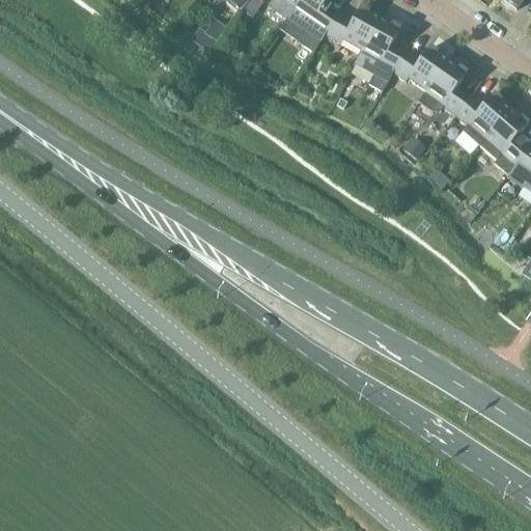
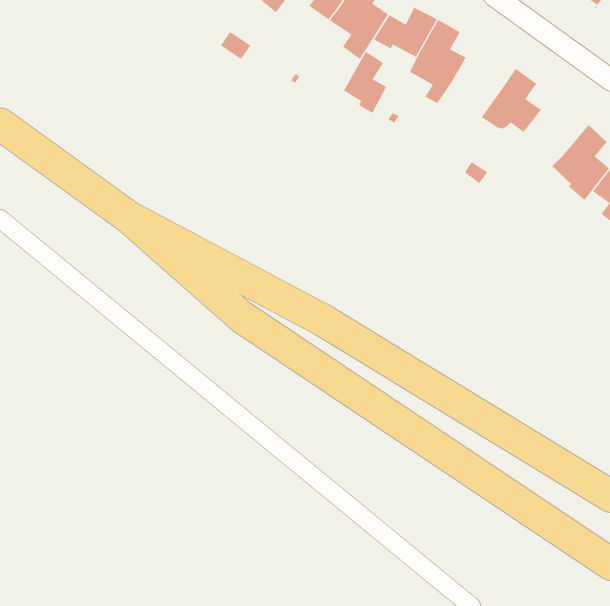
building: none -> [343,51,387,114]
building: [393,46,448,90] -> none
building: [455,93,511,144] -> none

